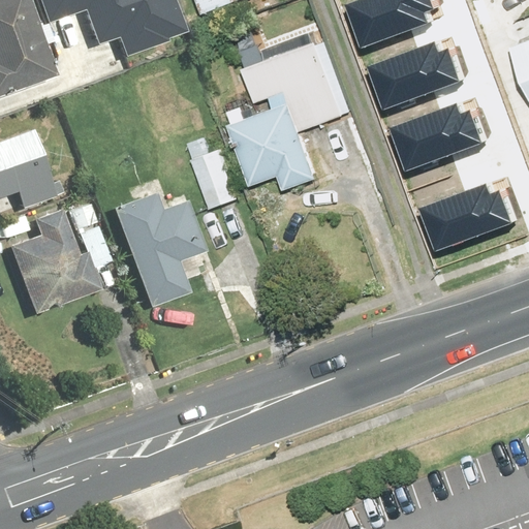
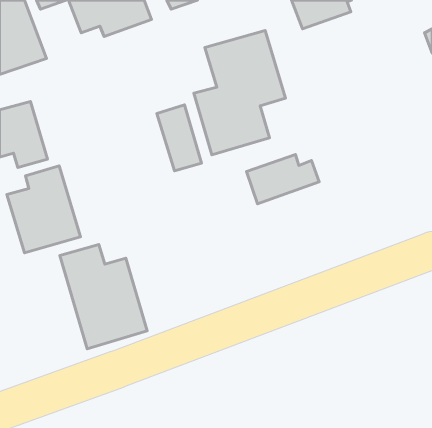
building: [371,39,460,98] -> none
building: [395,103,484,163] -> none
building: [421,184,509,244] -> [246,155,319,204]
building: [112,187,218,314] -> [60,245,147,349]

